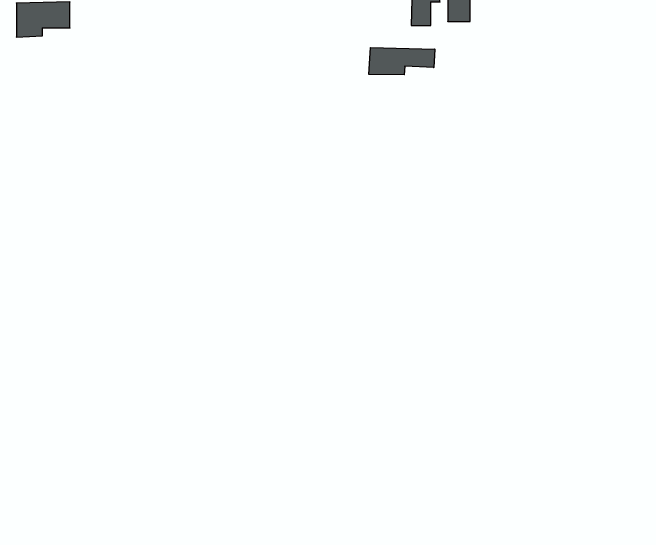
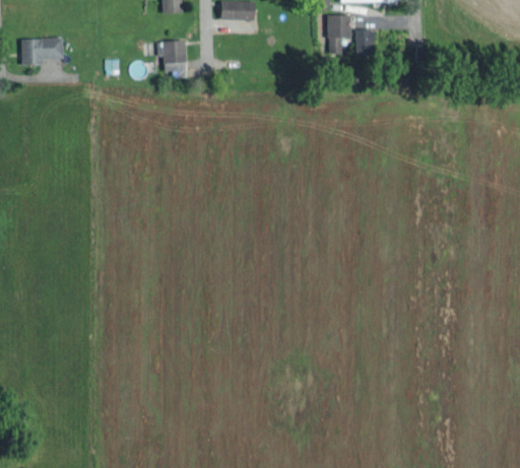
building: none -> [157,41,186,67]
building: [369,48,435,75] -> none

